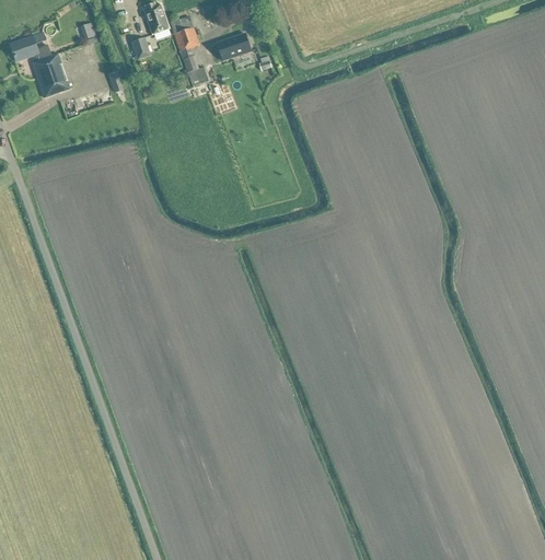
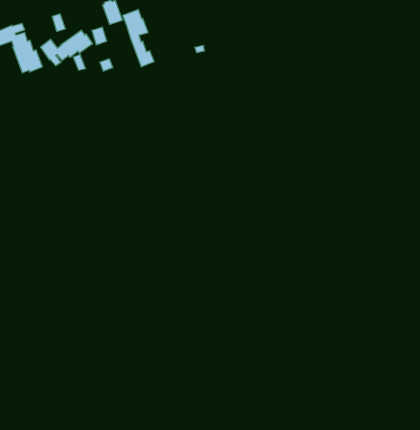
building: [216,33,251,59] -> none
building: none -> [41,30,93,66]

